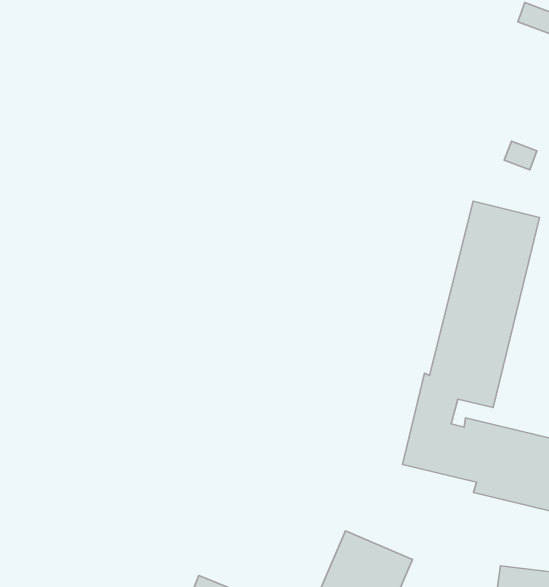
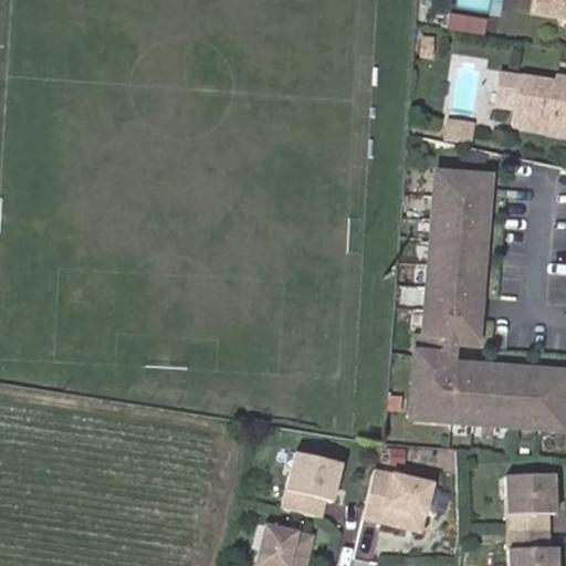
building: none -> [281,453,339,518]

